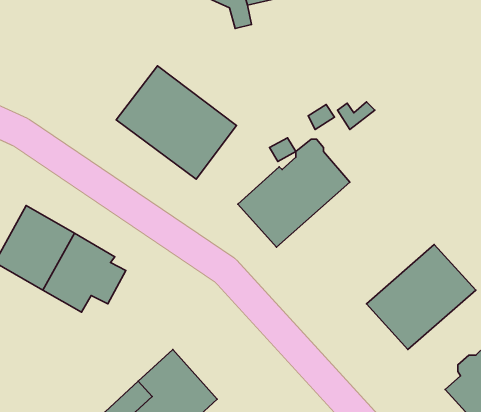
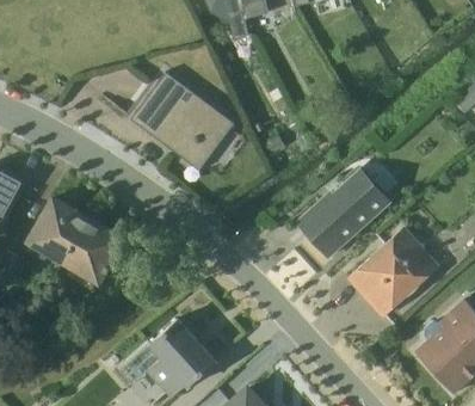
building: [238,139,350,247] -> [295,166,391,259]

